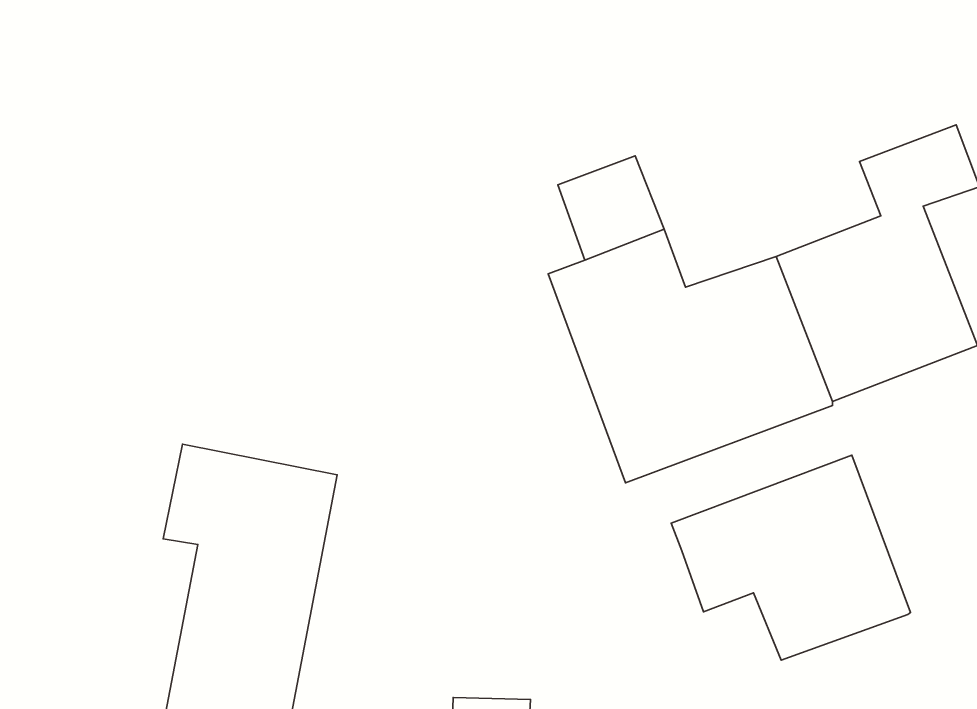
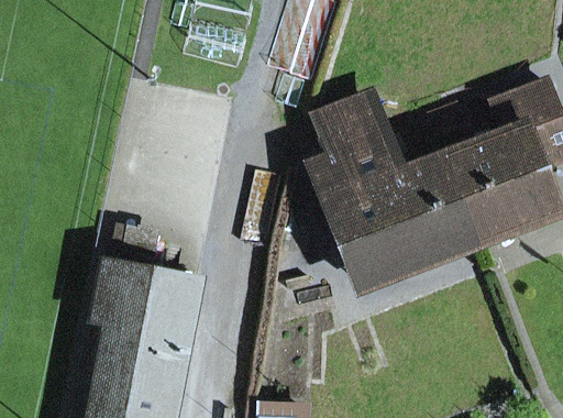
building: [671,455,910,660] -> none

